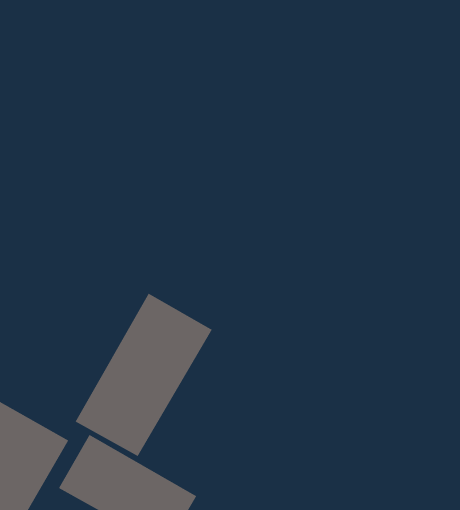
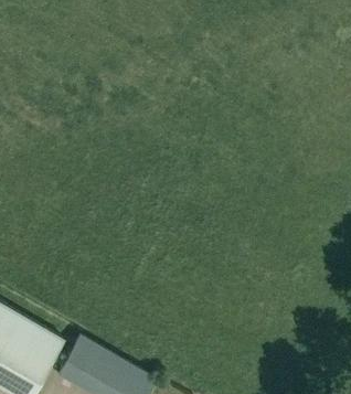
building: [75,293,213,457] -> none

